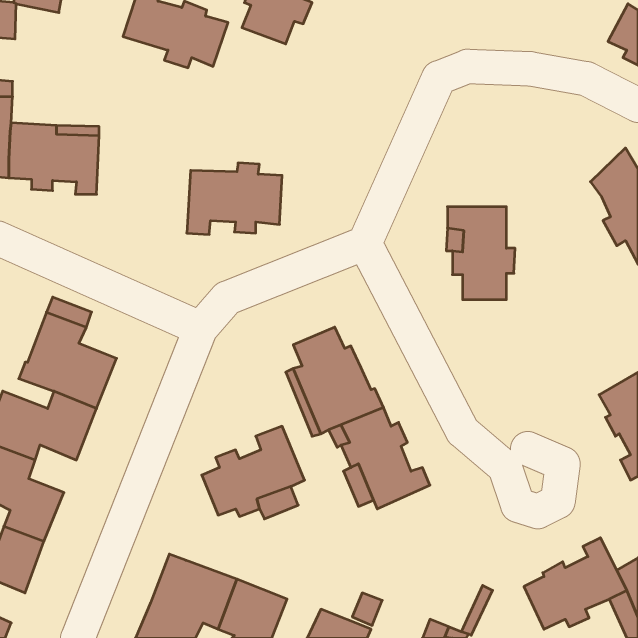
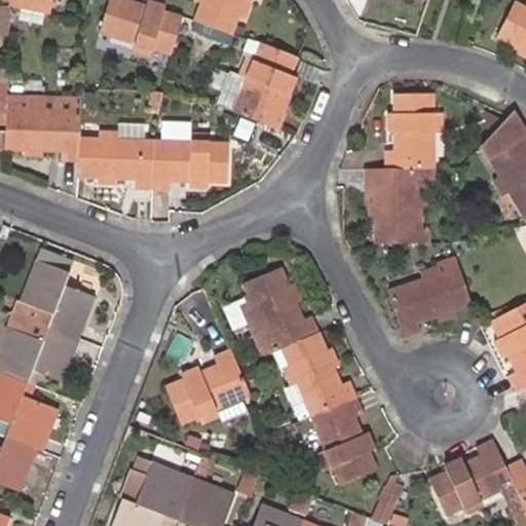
building: none -> [240,45,303,133]
building: none -> [385,92,441,170]
building: none -> [78,128,156,191]
building: none -> [388,268,473,339]
building: none -> [309,398,372,485]

